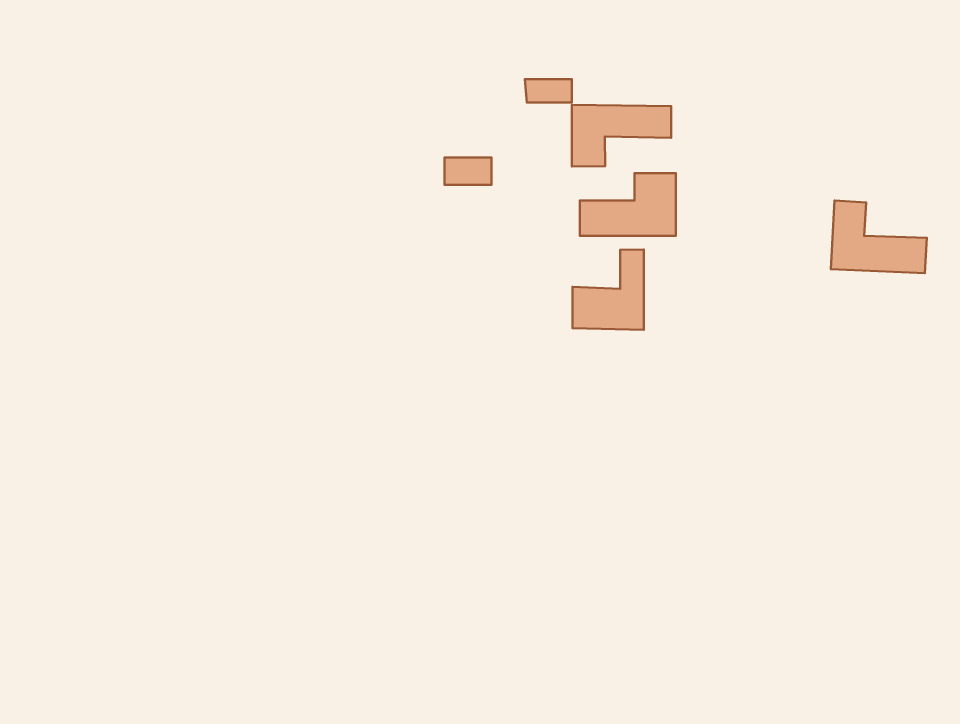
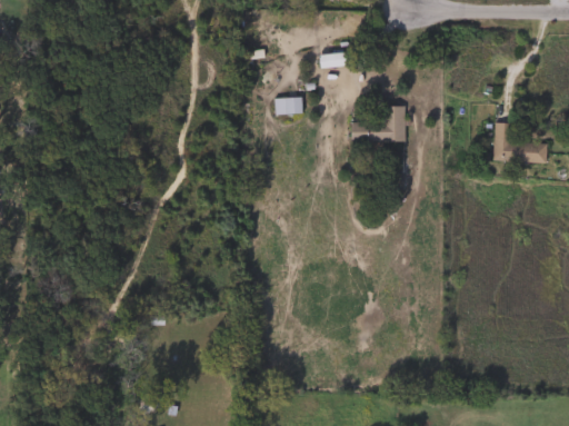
building: [572,105,671,166] -> none
building: [573,250,644,330] -> none

